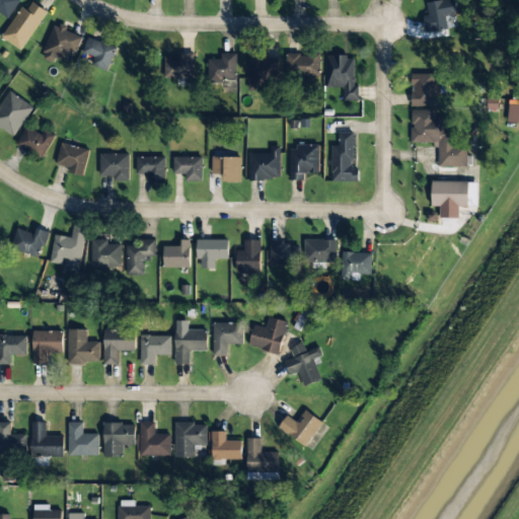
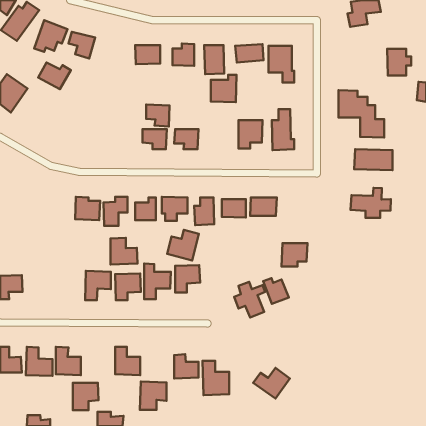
building: [411,74,440,106] -> [387,49,411,76]
building: [16,127,56,159] -> [38,63,71,89]
building: [57,145,88,175] -> none
building: [249,147,281,180] -> [211,75,237,102]
building: [100,153,129,181] -> none
building: [137,156,165,182] -> [146,105,170,126]
building: [51,226,86,265] -> none
building: [10,228,48,257] -> none
building: none -> [351,188,391,218]
building: [341,252,372,281] -> [282,243,307,267]
building: none -> [111,238,138,264]
building: [248,317,287,355] -> [167,230,199,261]
building: [68,329,99,364] -> none
building: [32,330,63,364] -> none
building: none -> [263,278,289,304]
building: [278,410,322,447] -> [253,368,290,399]
building: [174,423,207,457] -> [140,382,167,410]
building: [103,424,135,457] -> [73,383,99,410]

